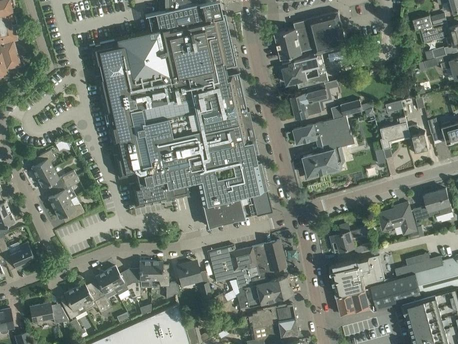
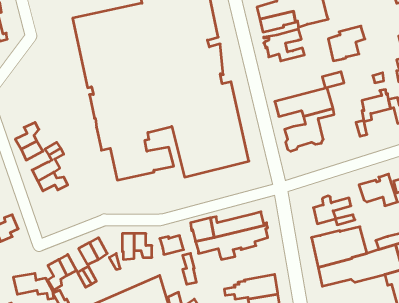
building: [291,84,328,119] -> [328,26,365,61]
building: [202,189,272,227] -> none
building: [237,277,291,309] -> none

